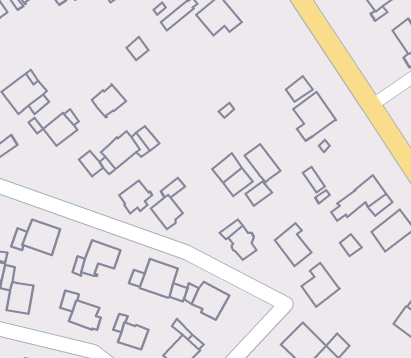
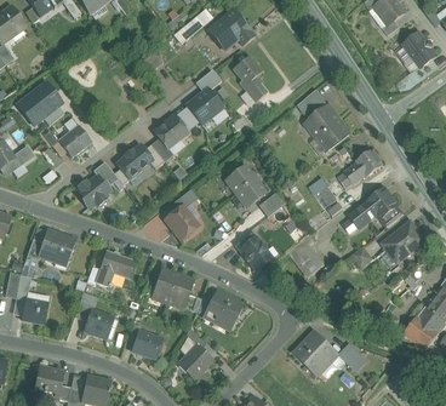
building: none -> [235,53,267,99]
building: none -> [187,87,223,124]
building: [92,84,126,117] -> [154,114,188,147]
building: none -> [344,147,383,182]
building: [245,144,280,182] -> none
building: [119,180,152,213] -> [78,175,110,207]
building: [301,263,340,307] -> none

